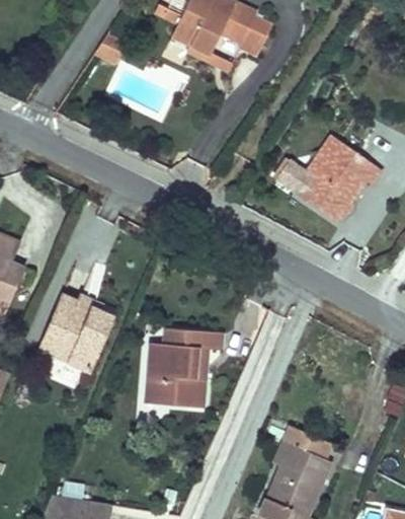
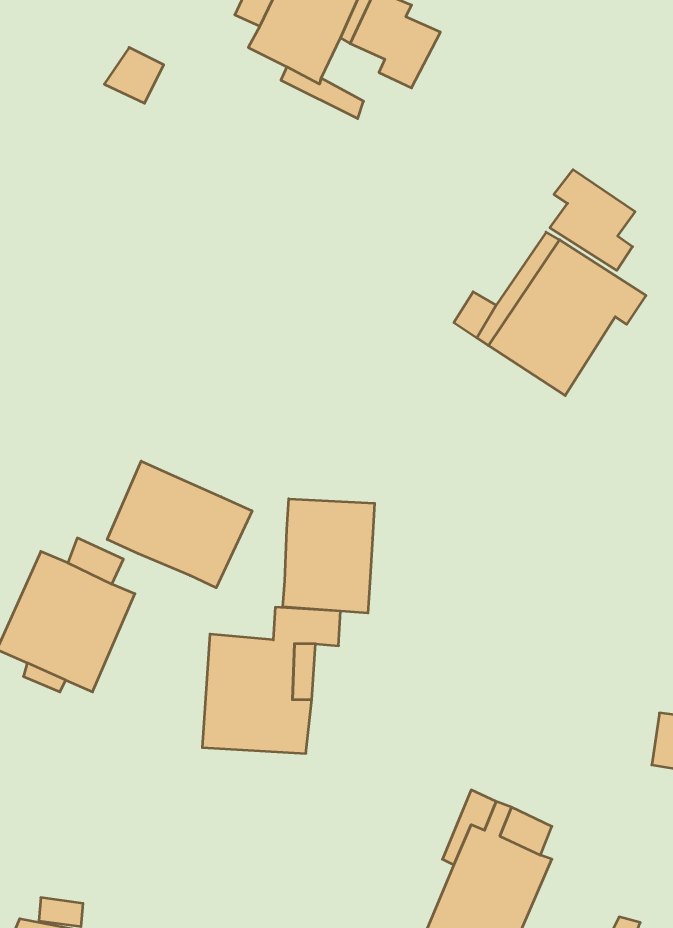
building: none -> [550,170,635,270]
building: none -> [107,461,252,588]
building: none -> [283,499,375,613]

